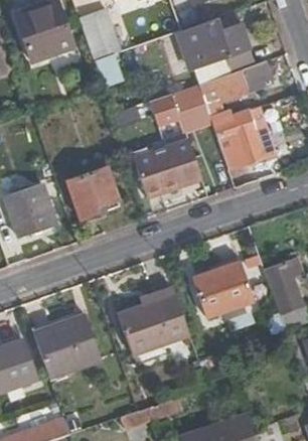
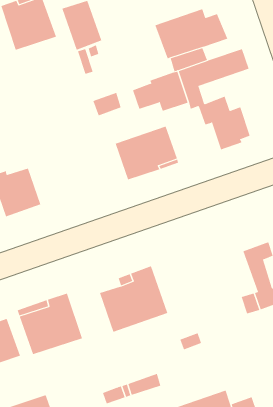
building: [67,166,119,219] -> none
building: [194,263,254,316] -> none

